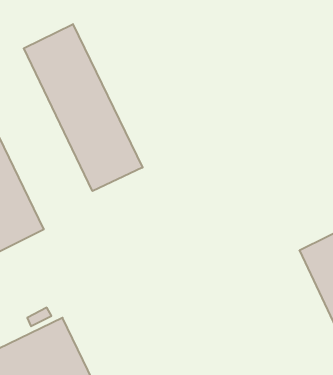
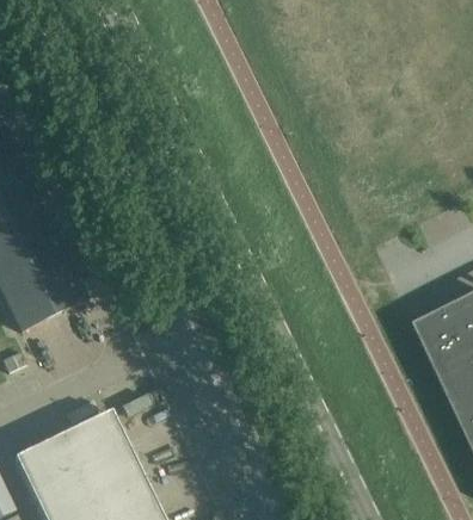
building: [24,24,143,191] -> none

